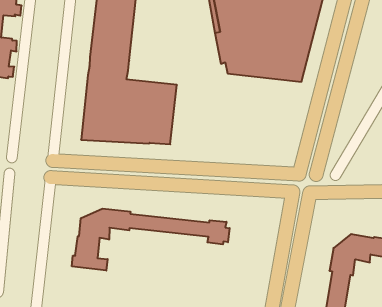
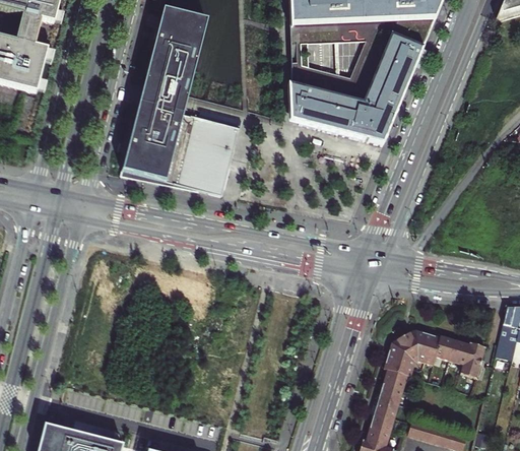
building: [72,209,230,271] -> none

